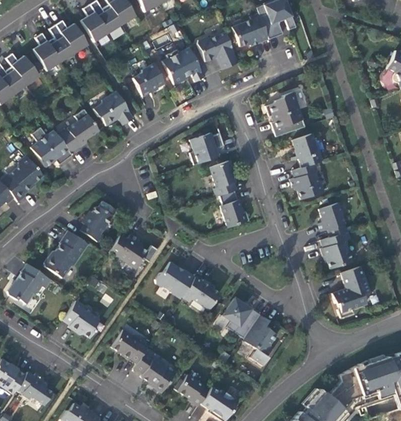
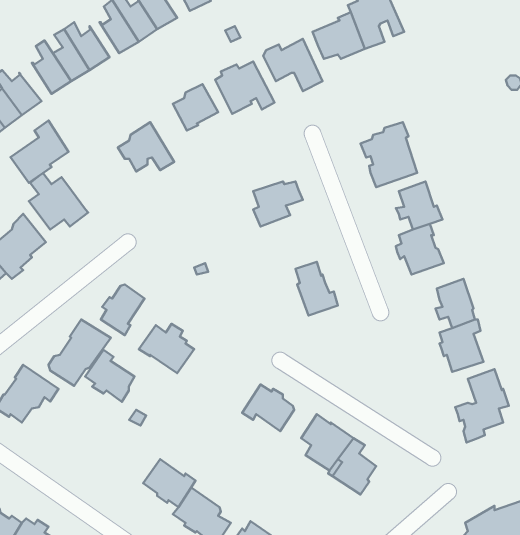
building: [58,109,99,153] -> [10,121,68,183]
building: [210,160,237,197] -> none
building: [156,262,195,299] -> none
building: [64,301,99,338] -> [85,350,135,402]

